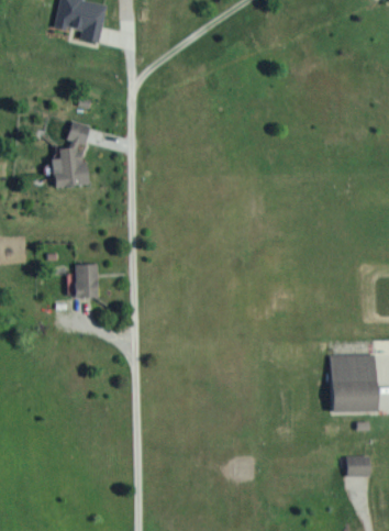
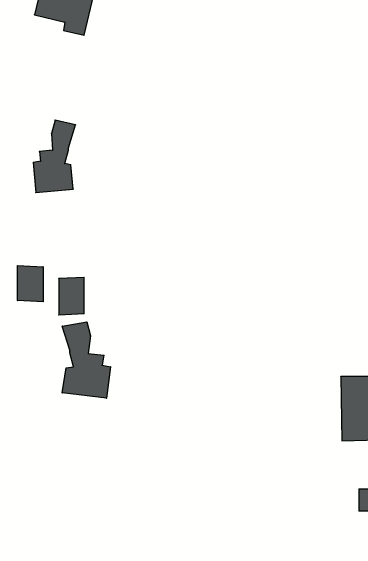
building: none -> [18,266,43,302]
building: none -> [62,322,111,398]

